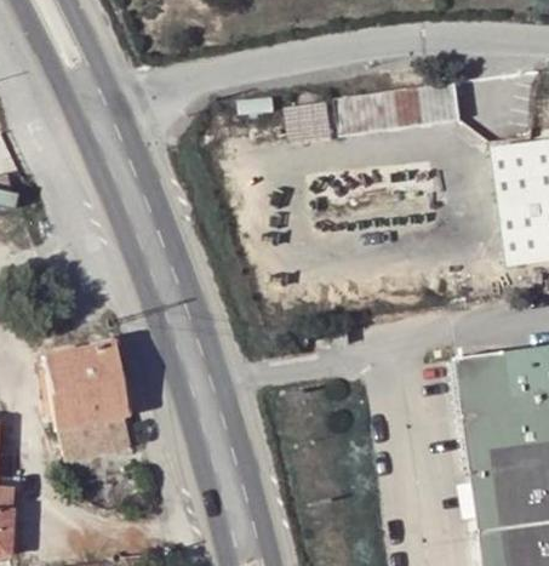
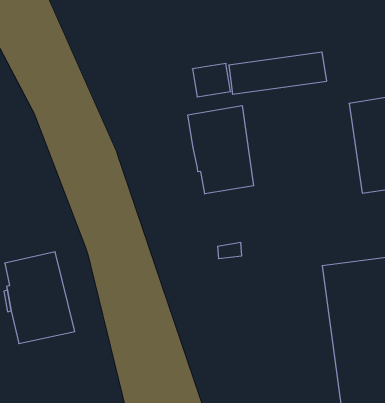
building: none -> [188,106,254,194]

